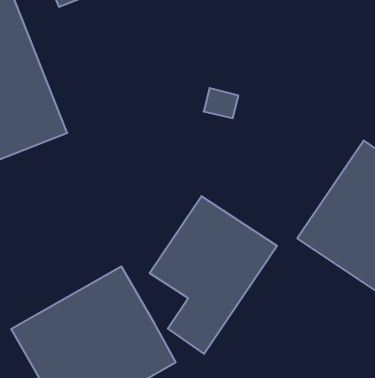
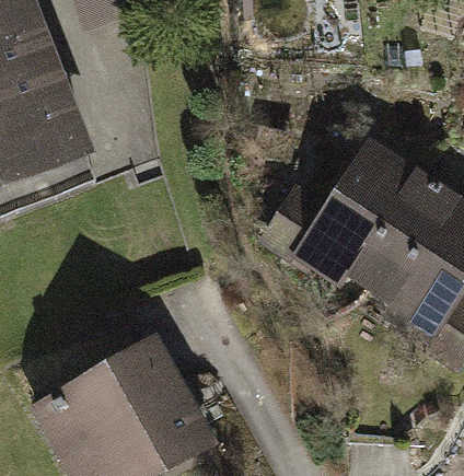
building: none -> [265,133,440,295]
building: [150,196,277,354] -> none

